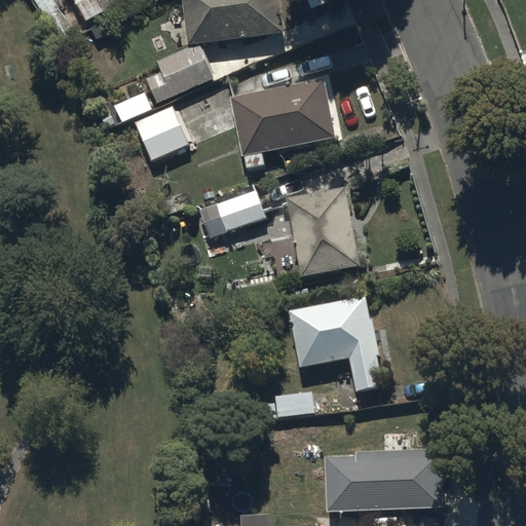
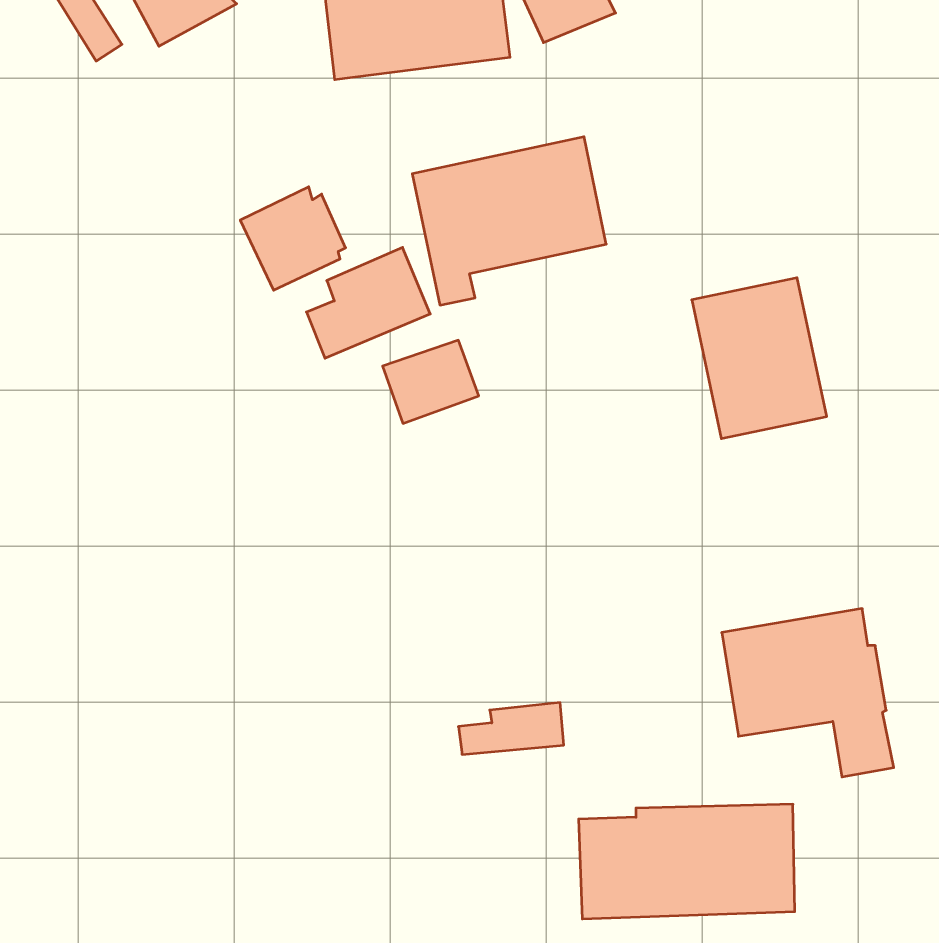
building: [146,43,215,105] -> [306,247,430,358]
building: [285,186,360,275] -> [692,278,827,439]
building: [288,296,383,389] -> [722,609,894,777]

